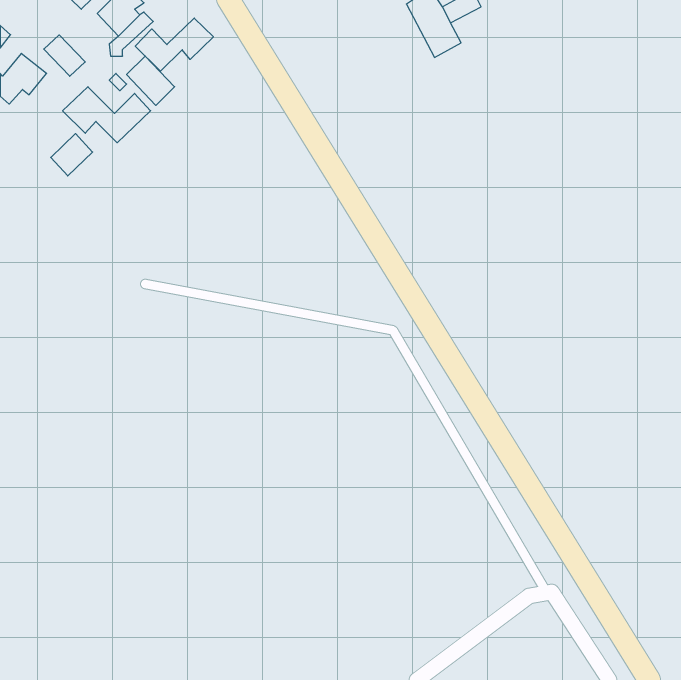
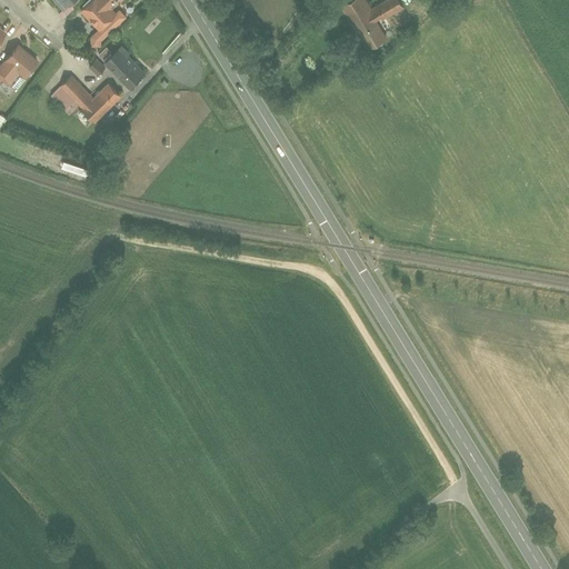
building: [135,18,213,71] -> none
building: [44,35,85,76] -> none
building: [51,134,93,176] -> none

